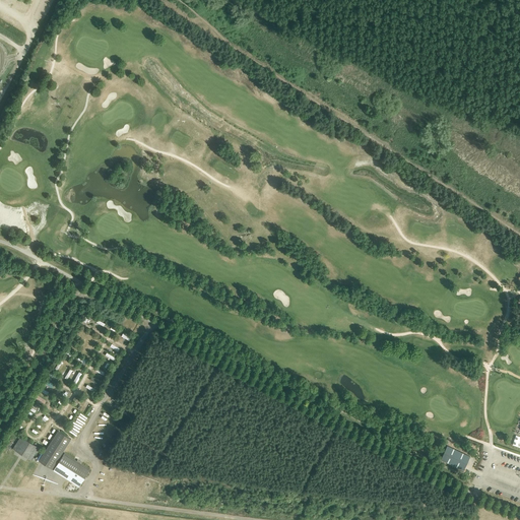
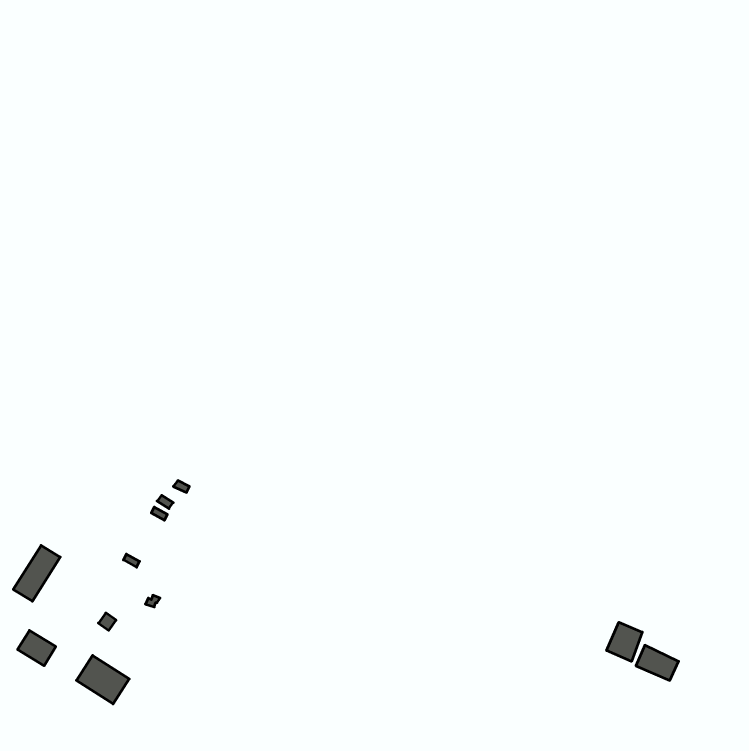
building: none -> [607,622,642,661]
building: [38,431,70,469] -> [13,545,60,601]

